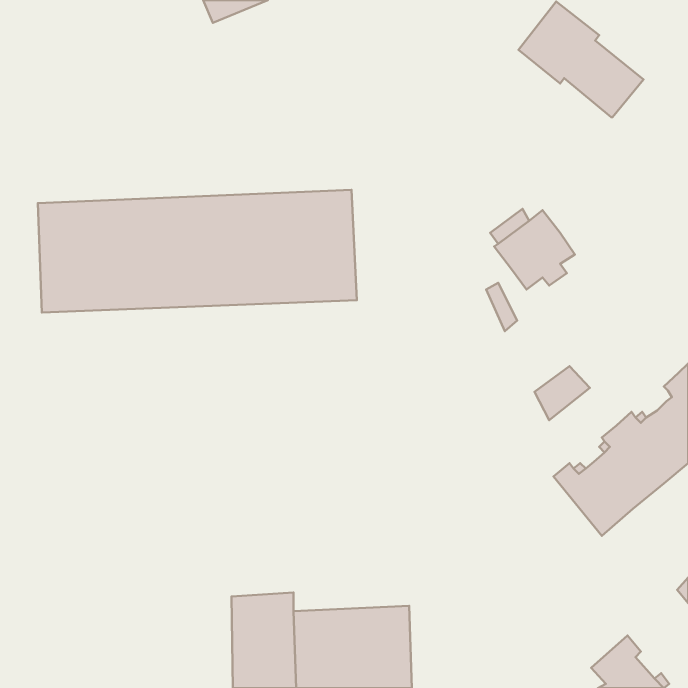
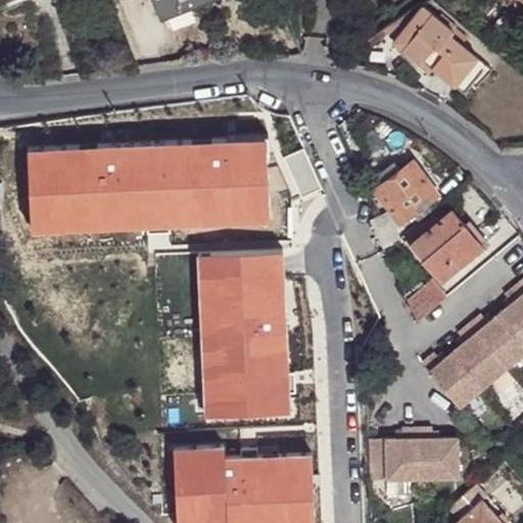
building: none -> [409,208,482,280]
building: none -> [199,255,289,419]
building: none -> [369,429,457,481]

